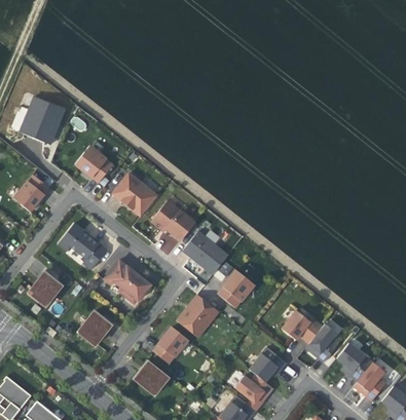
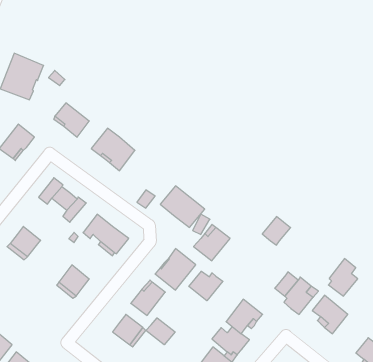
building: [151,199,196,240] -> none
building: [282,310,310,339] -> [262,217,291,245]
building: none -> [189,271,223,301]
building: [357,361,386,399] -> [328,259,358,296]
building: none -> [146,318,175,345]

